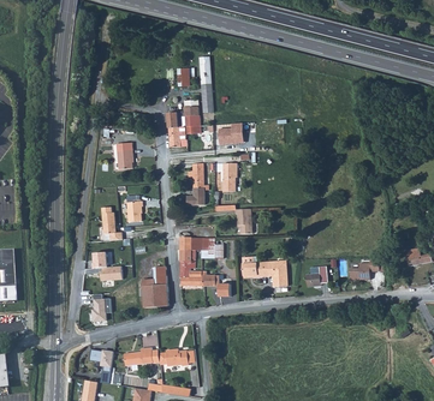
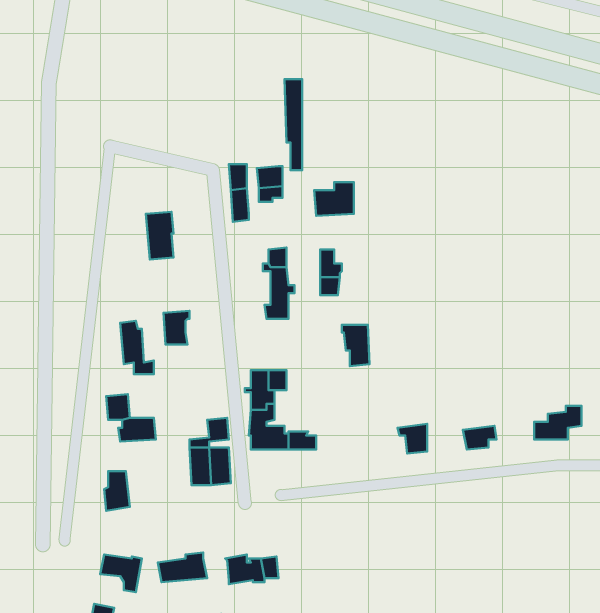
building: [242,256,287,276] -> none

